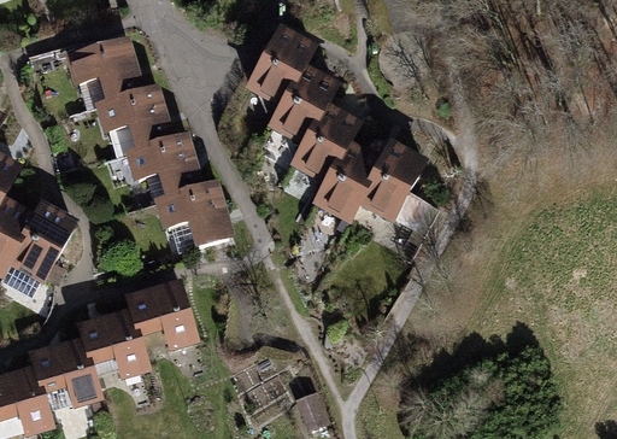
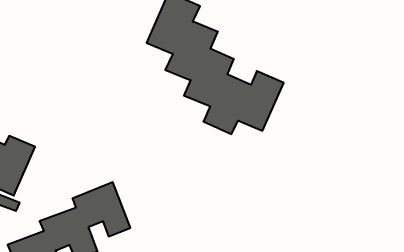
building: [66,39,236,251] -> none

